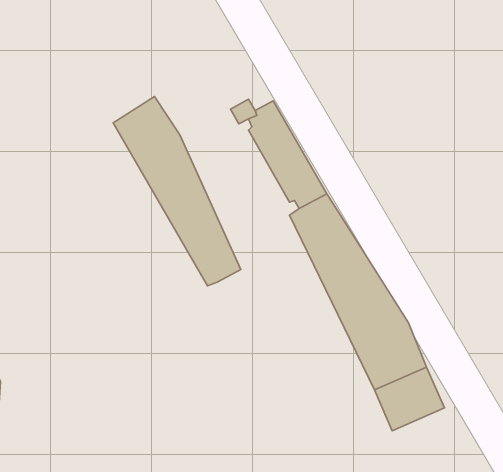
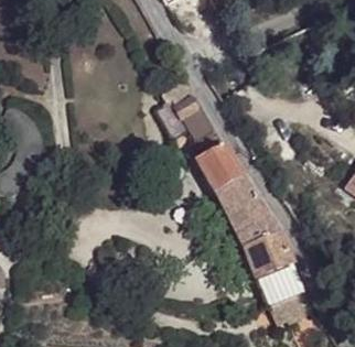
building: [113,96,241,286] -> none

